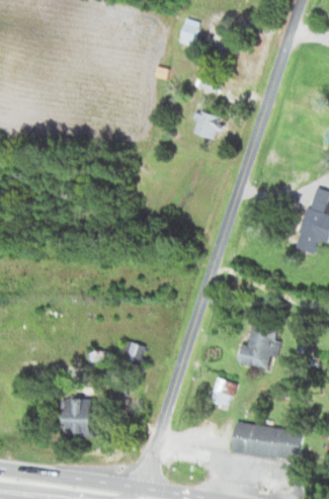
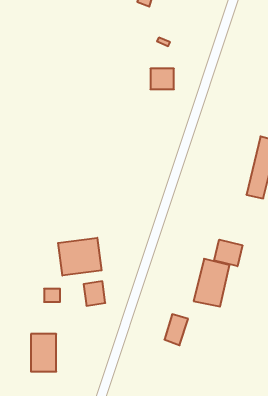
building: none -> [58,238,102,276]
building: none -> [214,240,242,266]
building: [232,422,303,461] -> none

